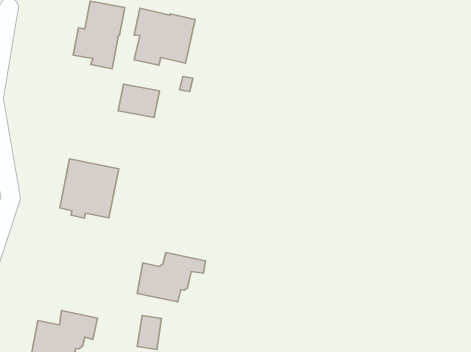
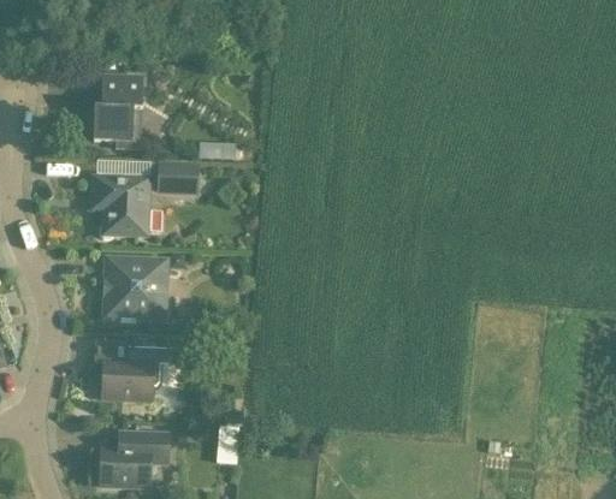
building: [134,8,195,65] -> none
building: none -> [91,173,150,236]
building: [137,253,206,302] -> [102,344,174,398]

